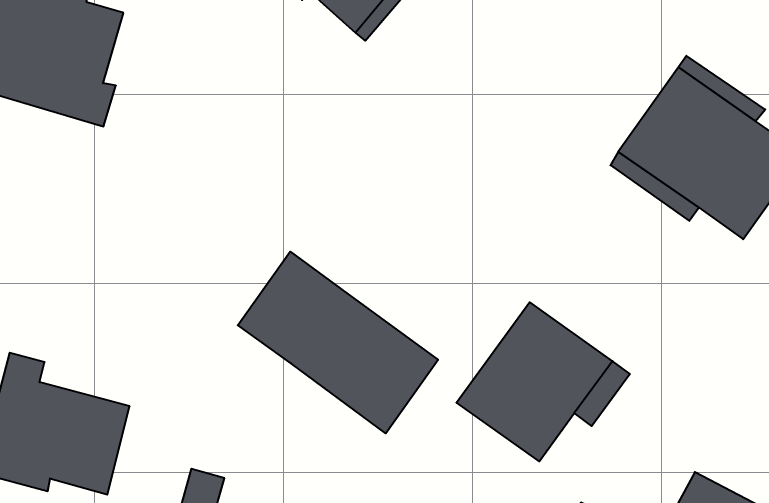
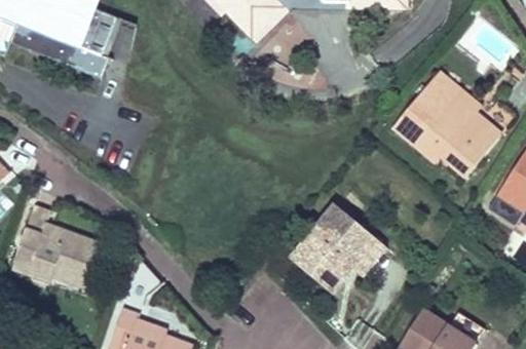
building: [238,252,438,433] -> none

